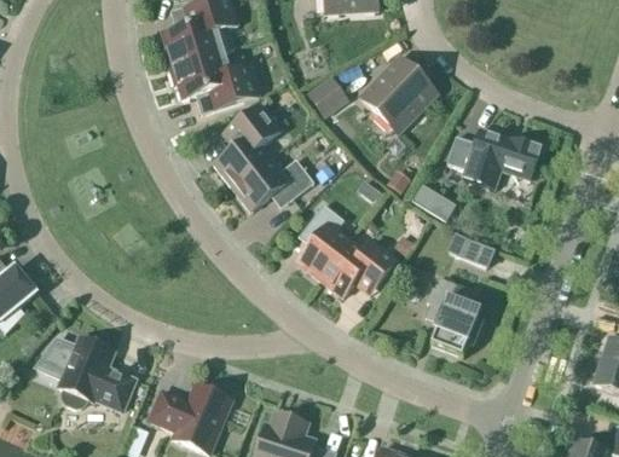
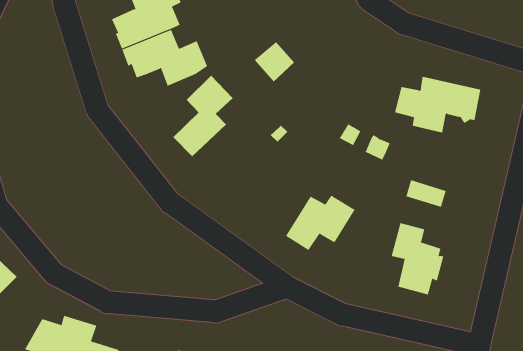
building: [361,58,435,131] -> none
building: [231,156,313,210] -> none
building: [296,203,349,278] -> none

